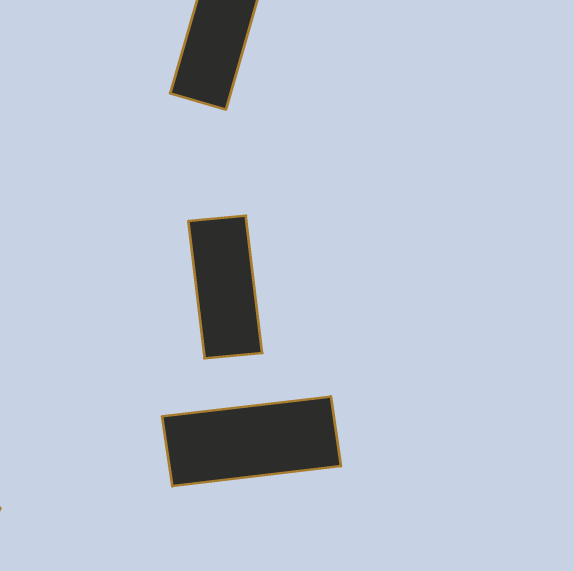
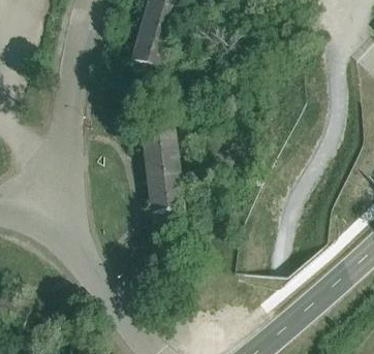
building: [162,396,341,486] -> none

